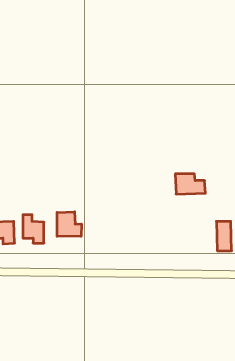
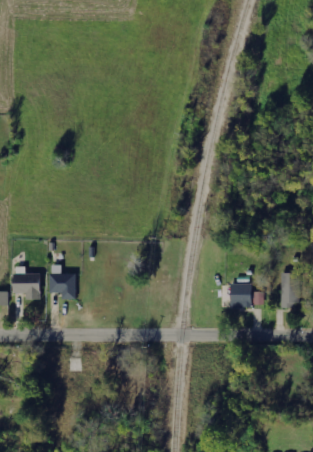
building: [175,174,205,194] -> [228,283,264,307]
building: [57,212,81,236] -> none

